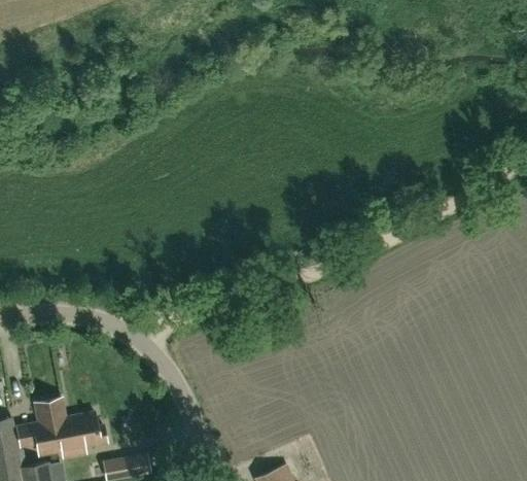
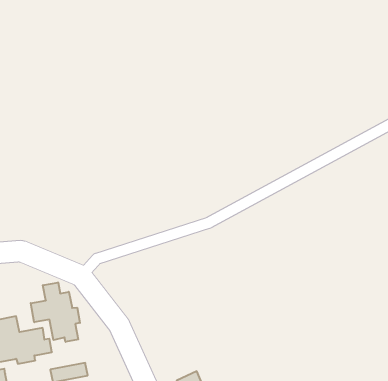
building: none -> [31,282,80,342]

